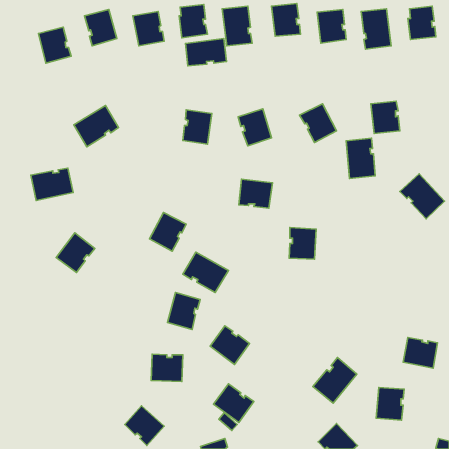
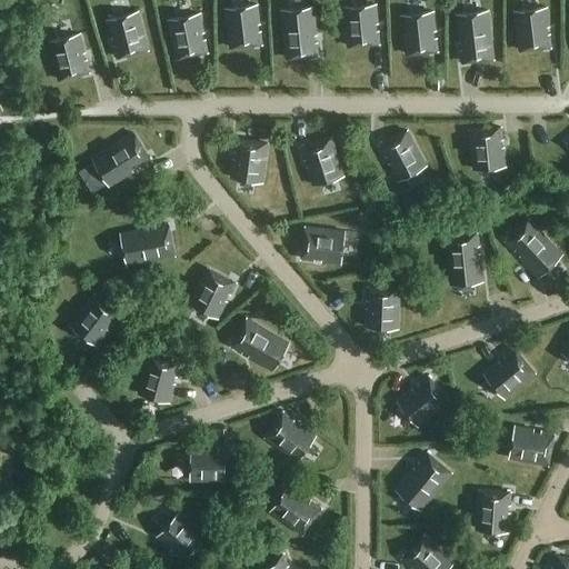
building: [186,38,226,66] -> none
building: [346,138,375,178] -> [446,233,482,284]
building: [31,168,73,201] -> [121,224,174,266]
building: none -> [485,349,535,398]
building: [168,292,200,329] -> [139,356,180,402]
building: none -> [398,377,448,426]

